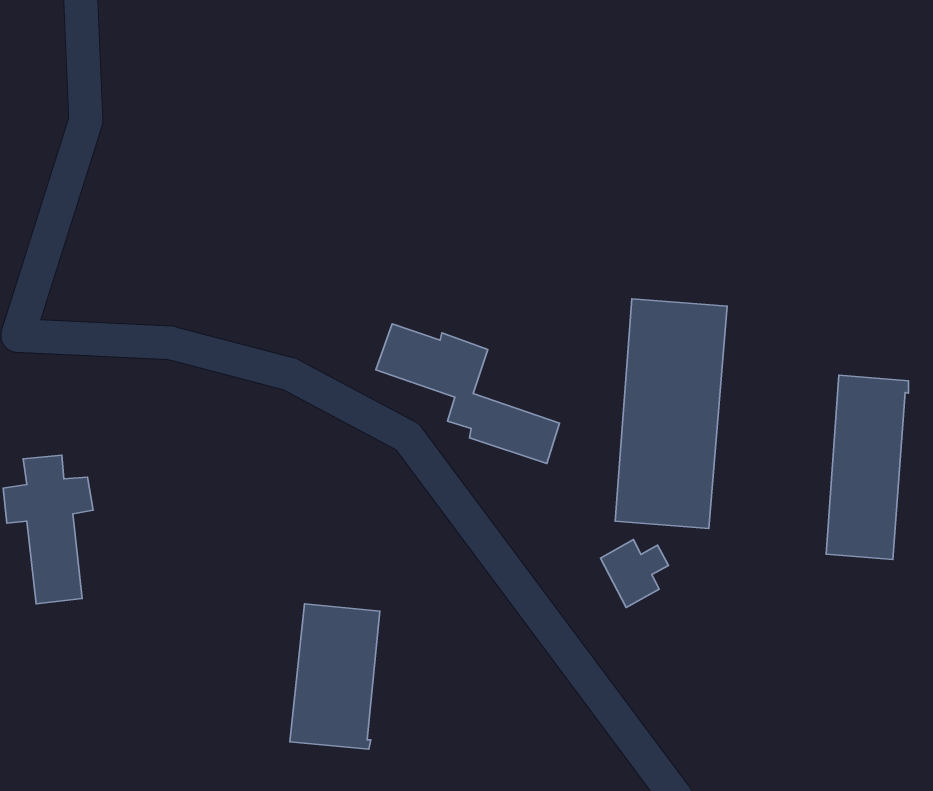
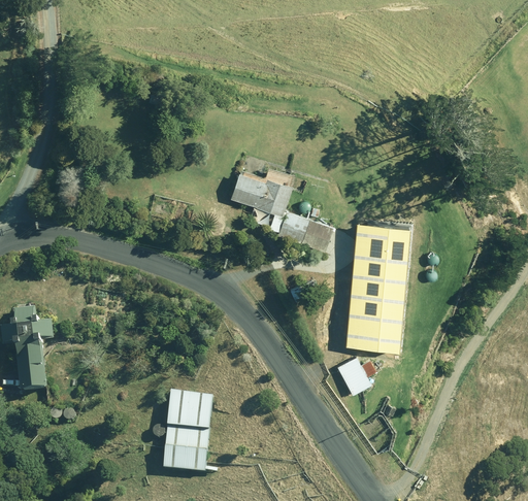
building: [376,324,560,463] -> [229,171,332,249]
building: [826,375,909,559] -> none

